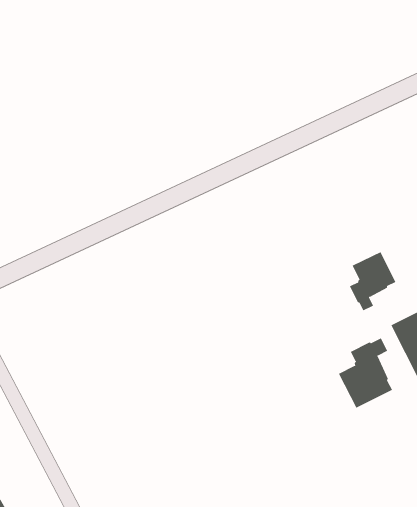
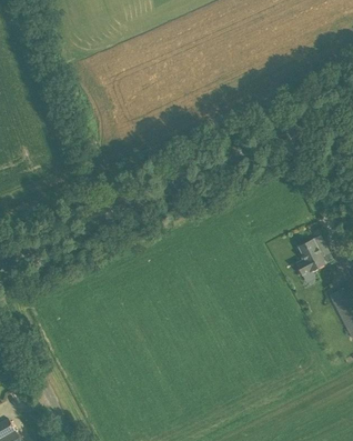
building: [338,337,393,408] -> none

